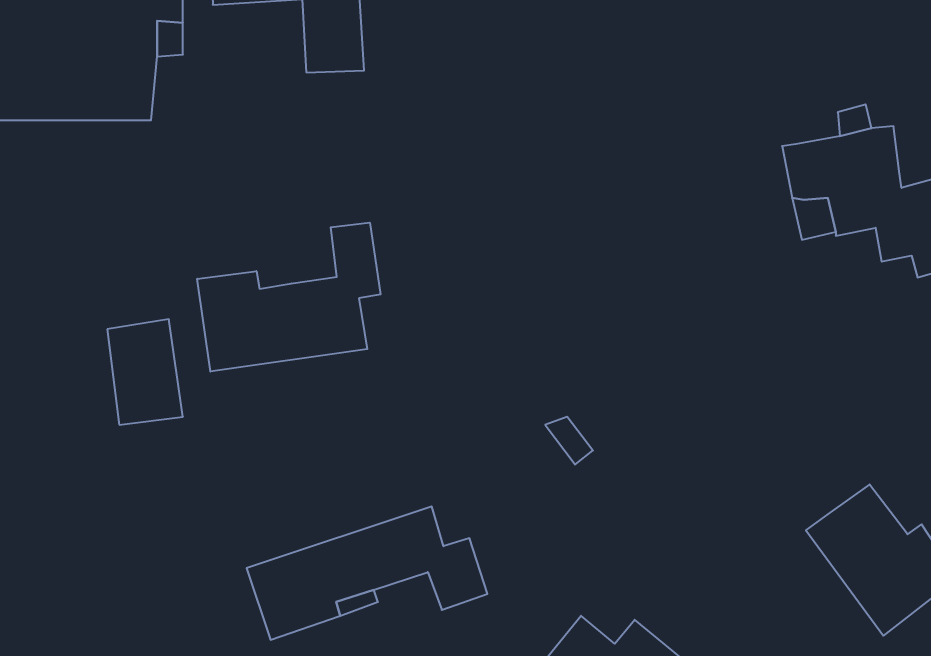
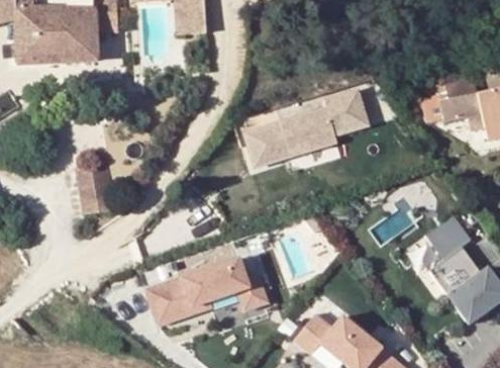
building: none -> [241,92,366,168]
building: [197,223,381,372] -> none
building: none -> [426,220,469,262]

